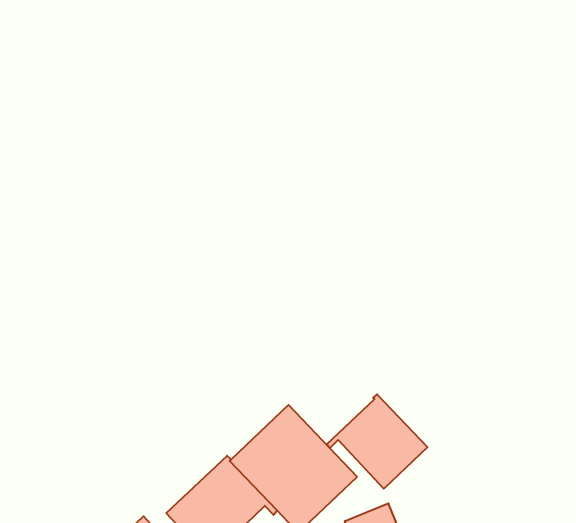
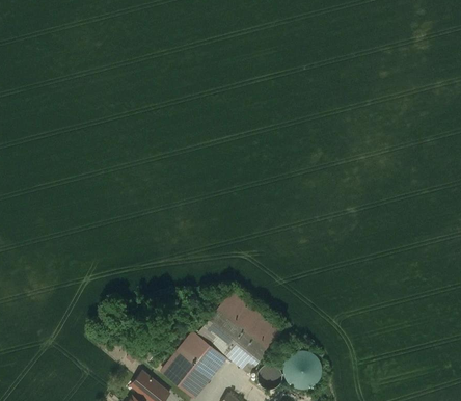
building: [327,394,427,489] -> none

